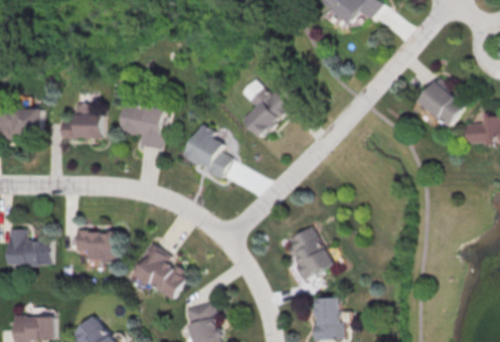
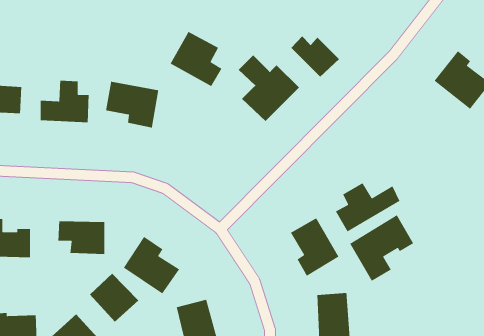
building: none -> [291,35,340,78]
building: [183,124,231,175] -> [169,31,222,87]
building: none -> [335,182,401,232]
building: none -> [349,214,414,282]
building: none -> [89,273,139,323]

